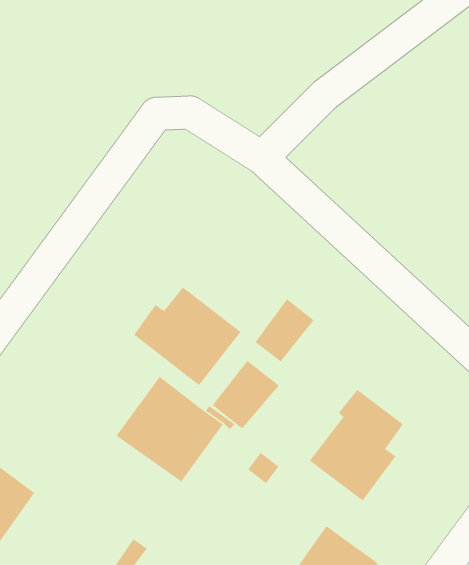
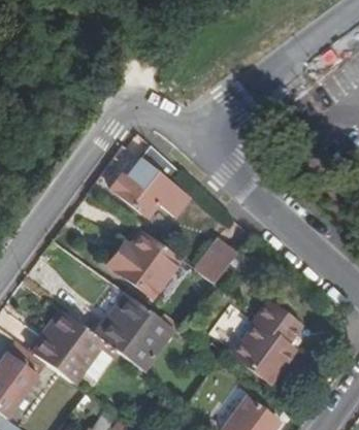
building: none -> [117,145,188,217]
building: [212,360,280,429] -> none
building: none -> [34,312,103,383]

